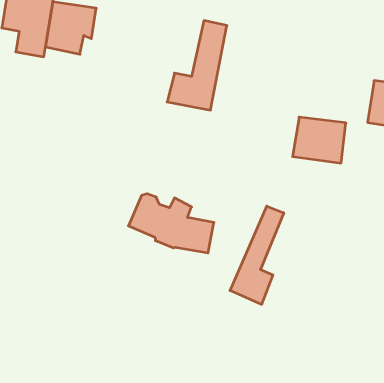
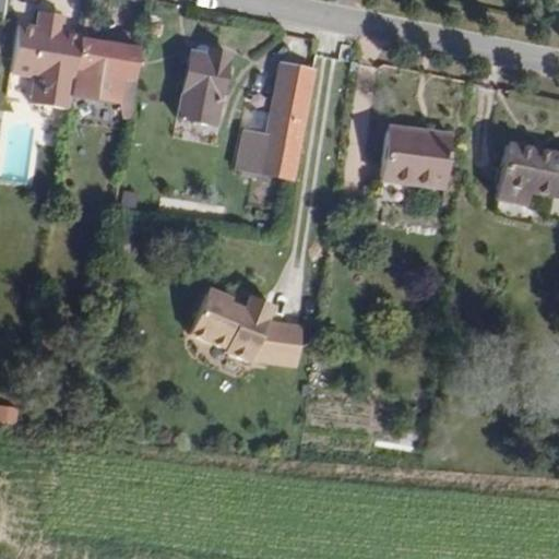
building: none -> [177,49,228,122]
building: [293,117,346,163] -> [380,126,451,187]
building: [230,206,284,304] -> none

